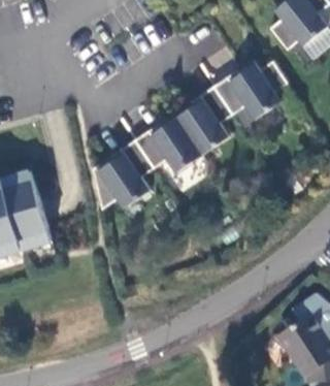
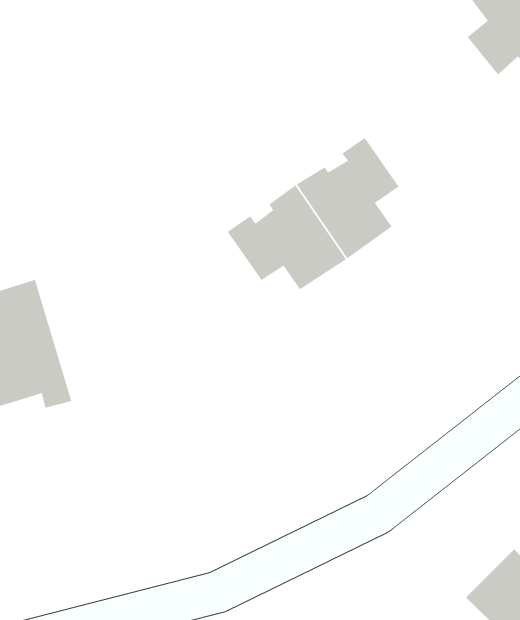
building: [216,62,290,122] -> none
building: [95,142,157,212] -> none

